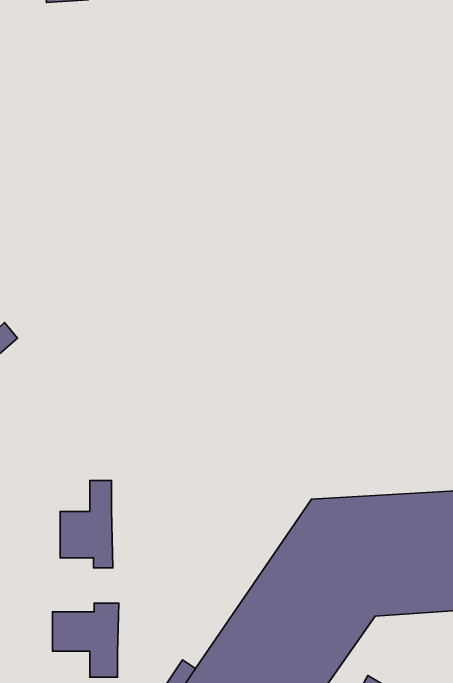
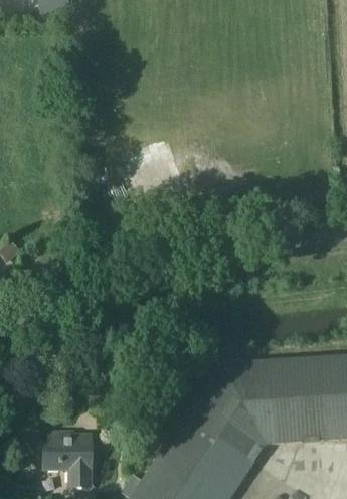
building: [60,481,113,568] -> none

